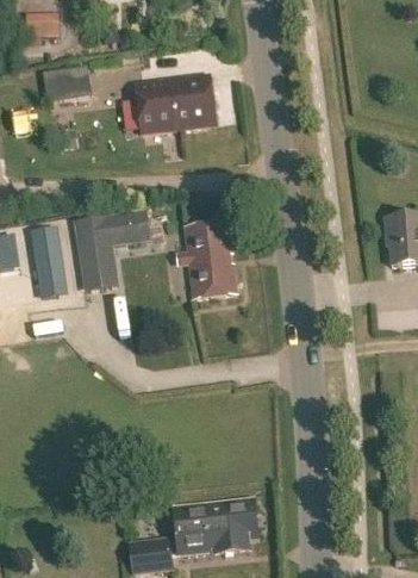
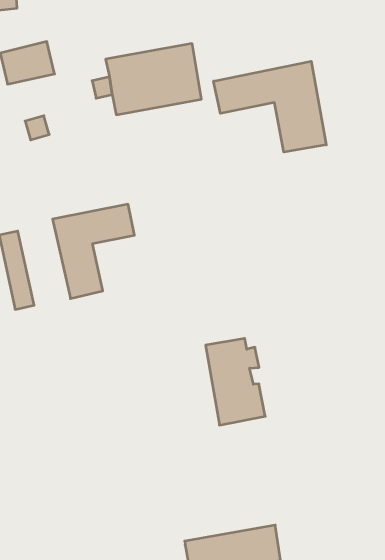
building: none -> [214,61,326,152]
building: [187,223,235,297] -> [206,338,265,425]

